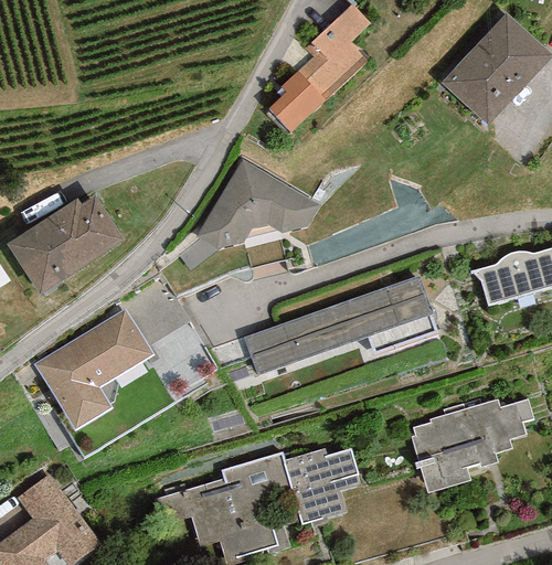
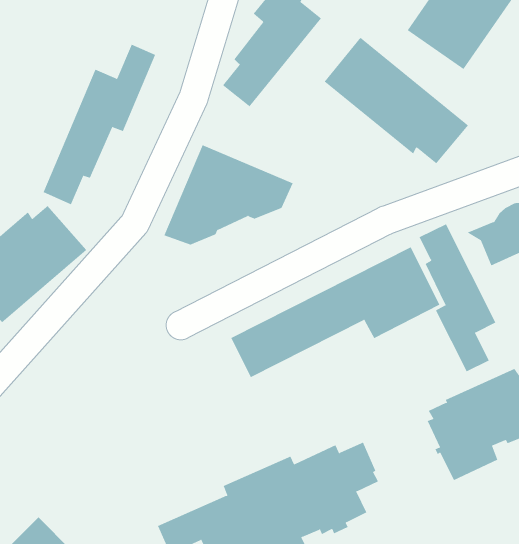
building: none -> [43,44,156,205]
building: none -> [324,37,469,164]
building: none -> [419,224,496,372]
building: [35,308,153,428] -> none

